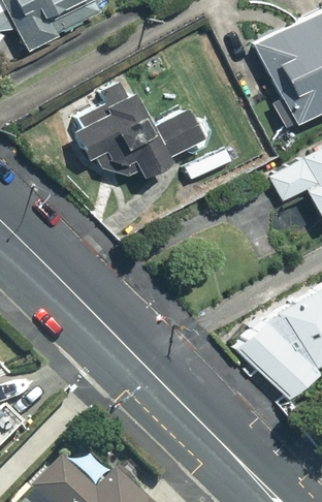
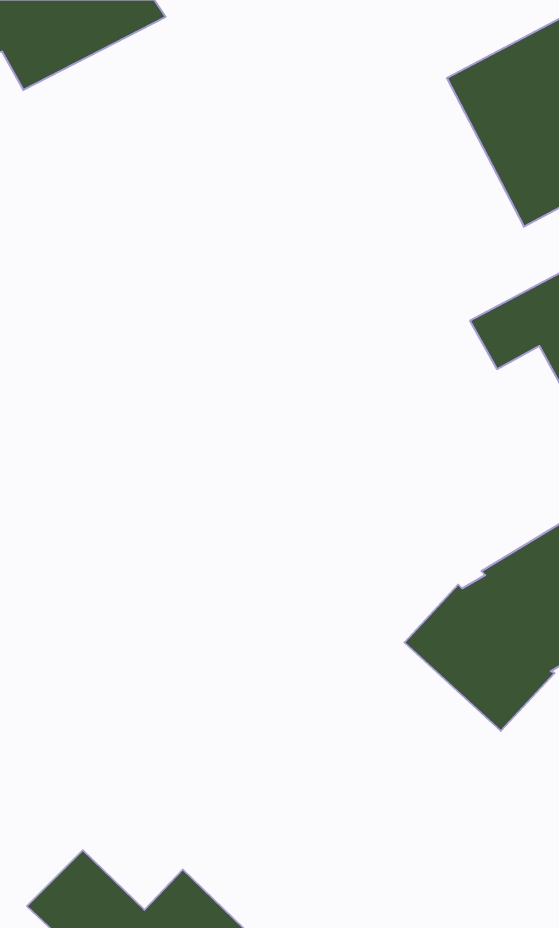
building: [76,80,207,178] -> none

